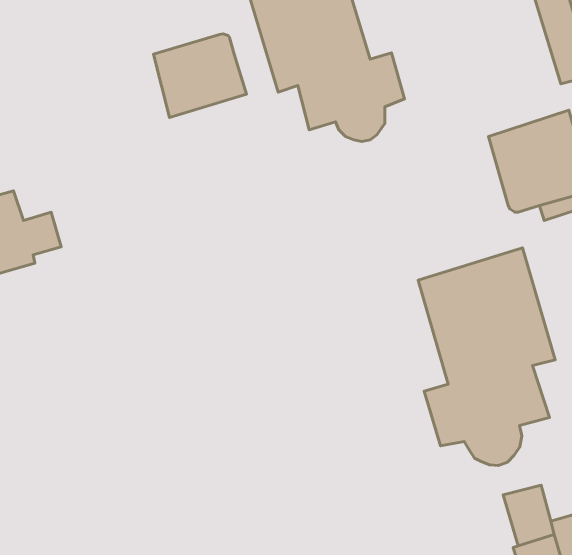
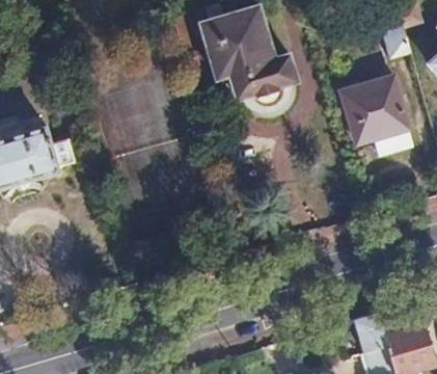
building: [154,34,246,117] -> none
building: [418,248,555,466] -> none

